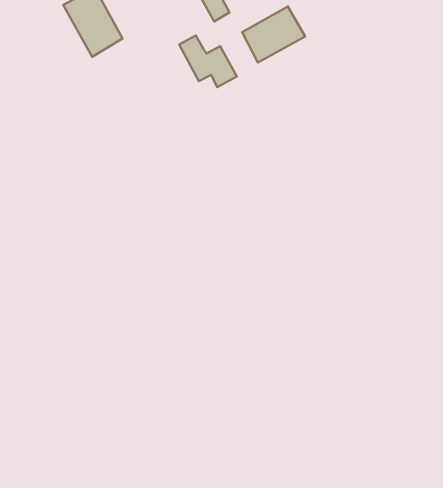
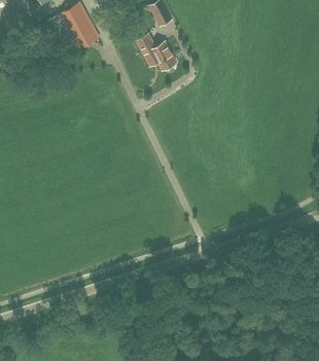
building: [242,7,305,63] -> none

